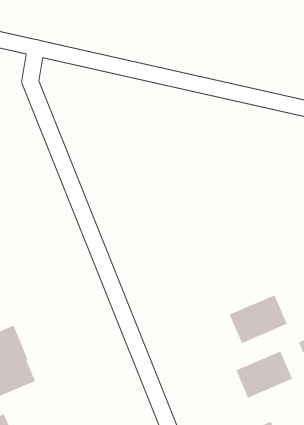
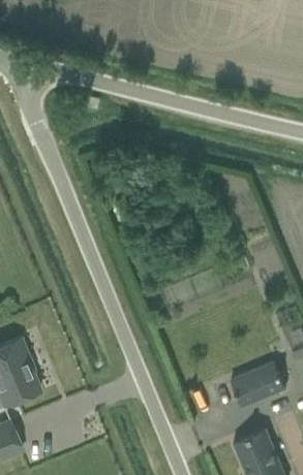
building: [229,294,288,344] -> none

